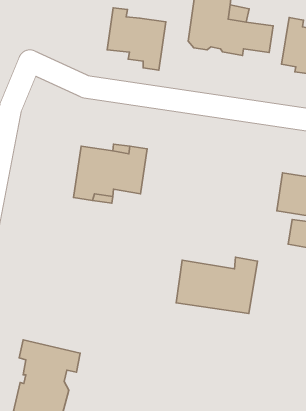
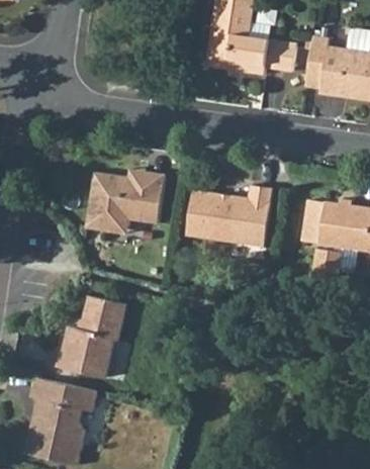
building: [107,8,166,70] -> none
building: [176,257,257,313] -> [187,186,273,246]
building: none -> [57,295,124,376]

